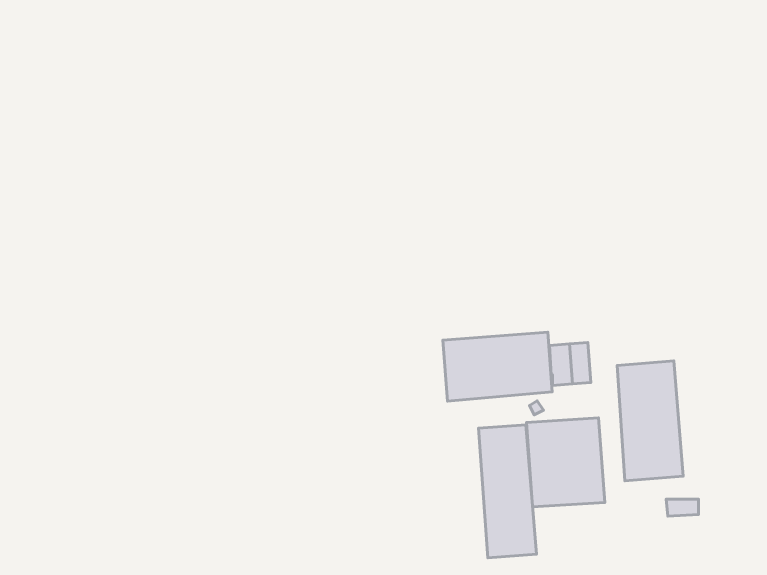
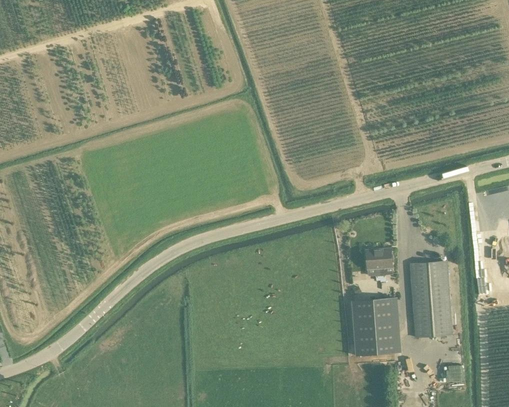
building: [443,332,552,401] -> none
building: [479,425,536,558] -> none

